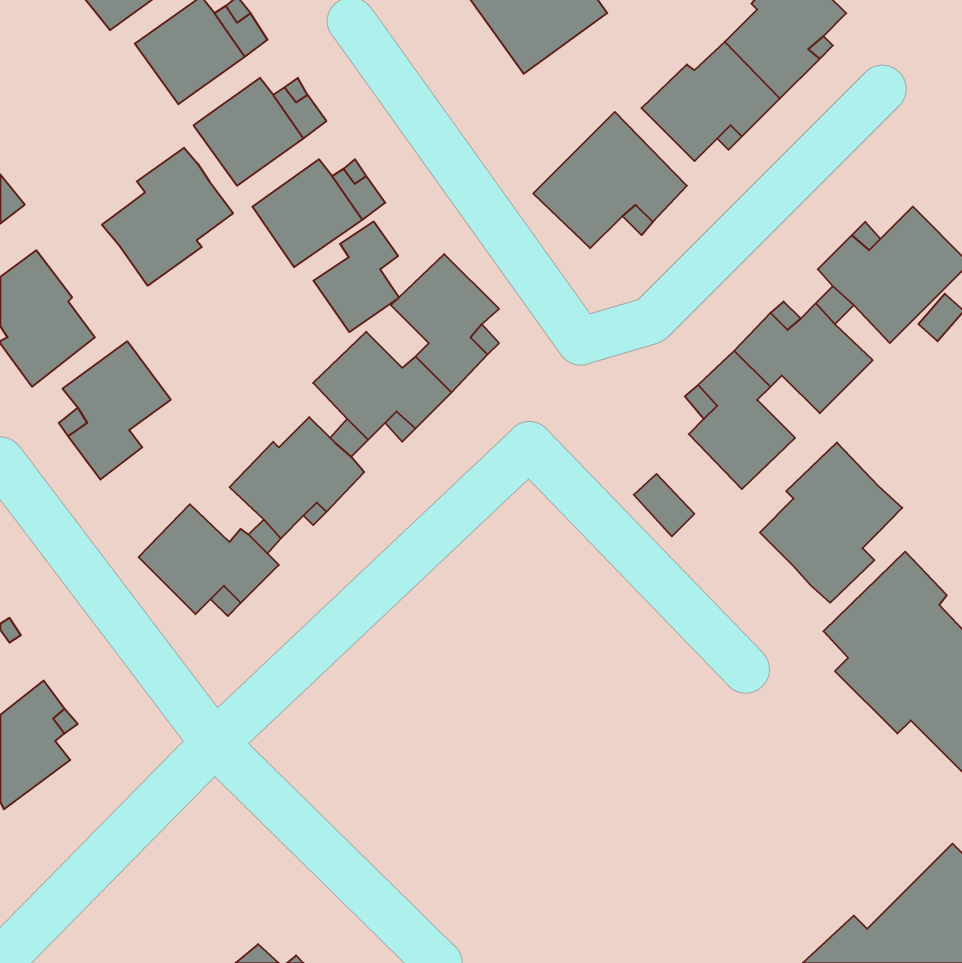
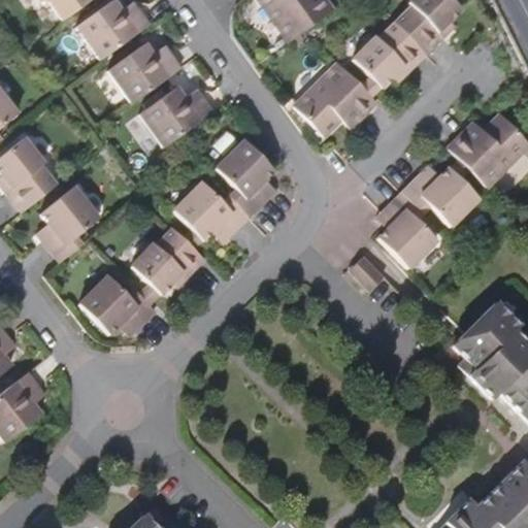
building: [102,148,233,286] -> none
building: [313,222,399,332] -> none
building: [760,442,902,603] -> none

